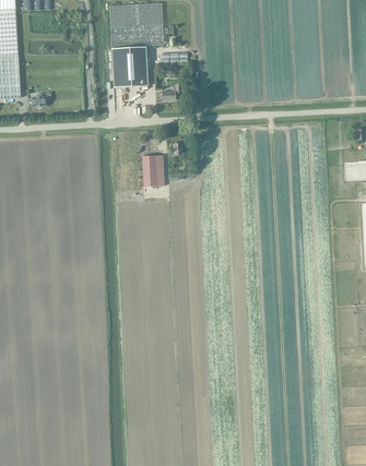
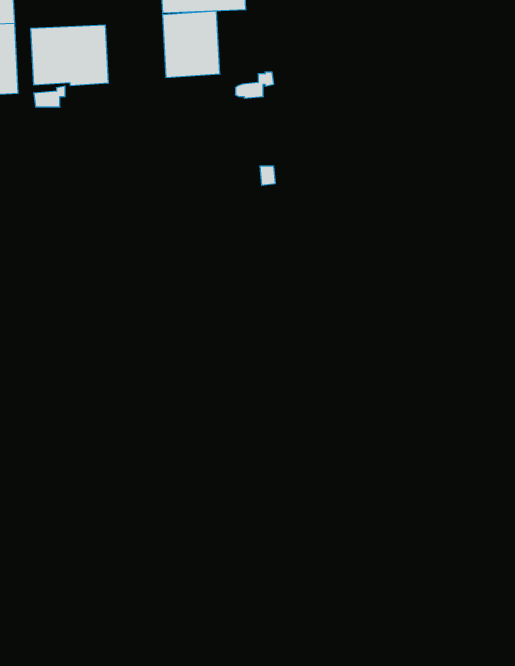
building: none -> [31,25,108,86]
building: [142,155,164,187] -> none

